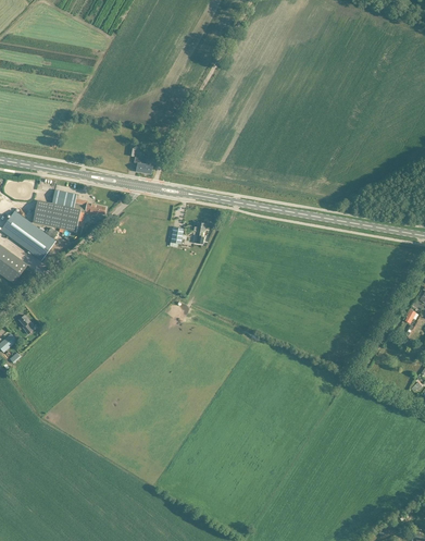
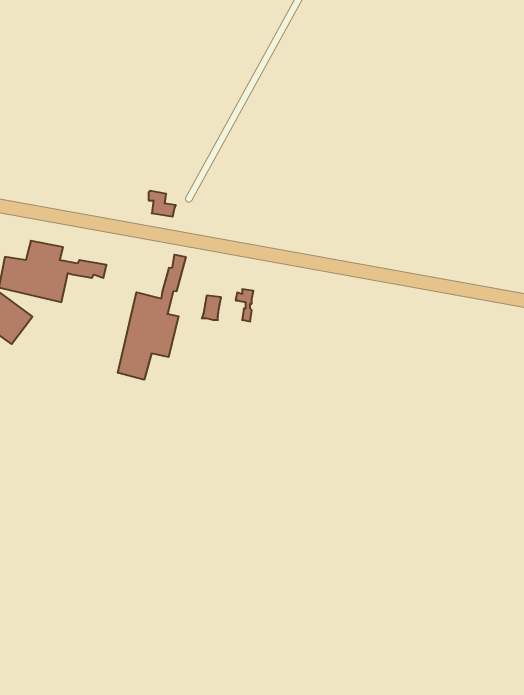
building: none -> [118,255,186,380]

